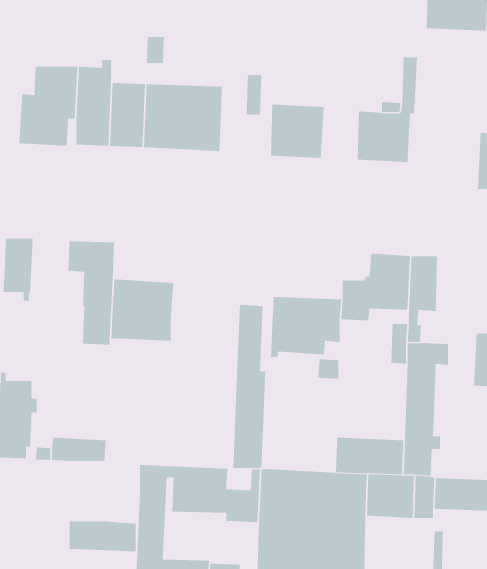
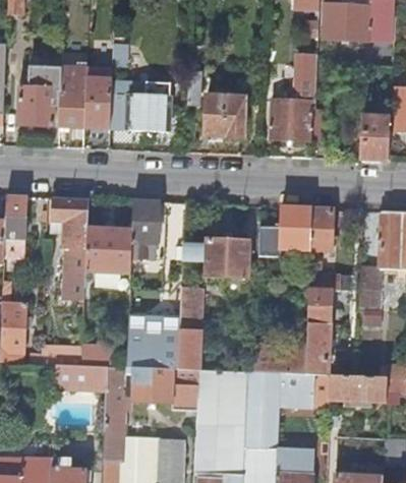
building: none -> [131,201,158,258]
building: none -> [127,315,179,369]
building: [69,521,136,552] -> [56,364,107,387]

